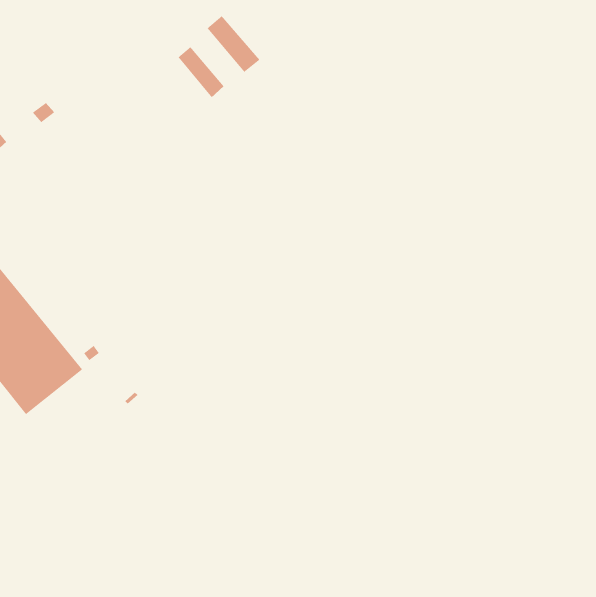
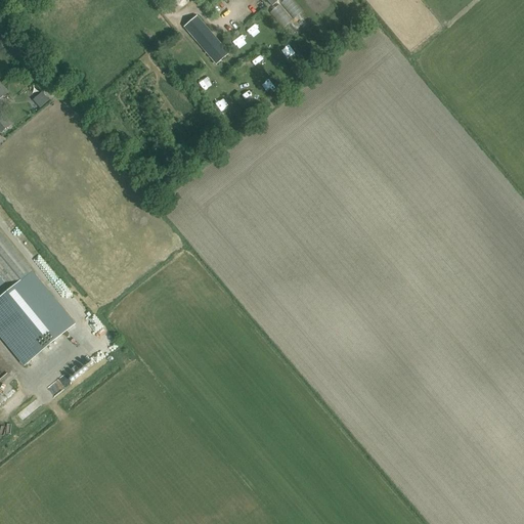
building: [178,46,224,98] -> none

